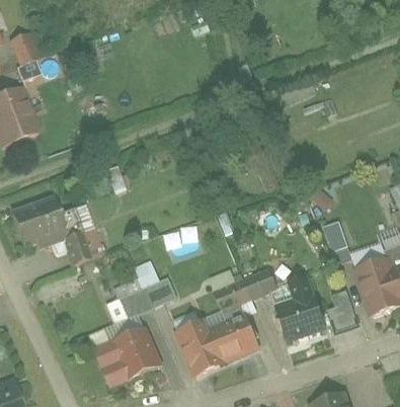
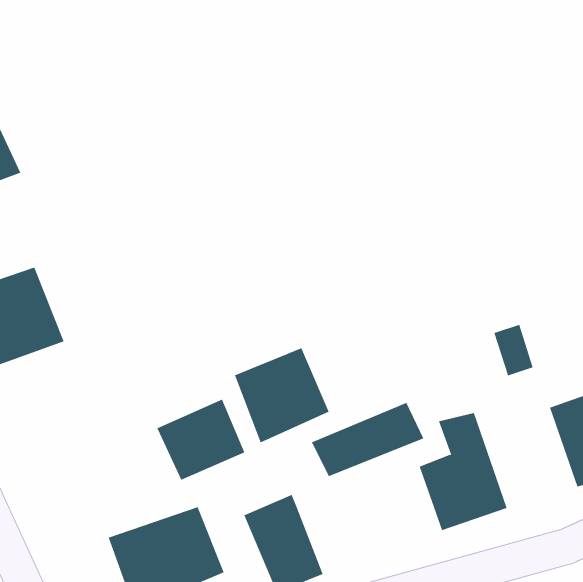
building: [322,290,351,327] -> none
building: [205,311,260,367] -> [234,347,330,443]

